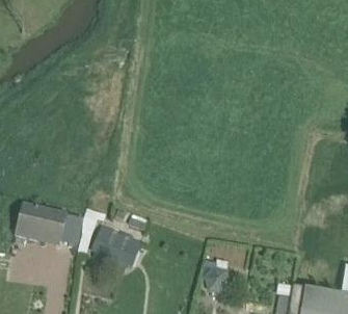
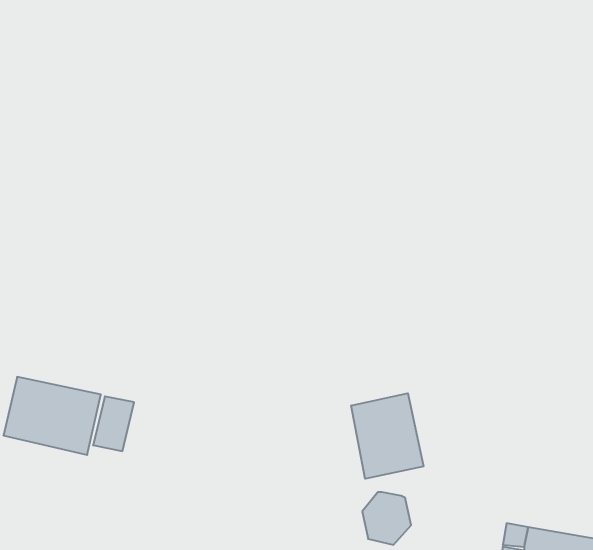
building: none -> [351,393,424,479]
building: [91,224,140,264] -> none

